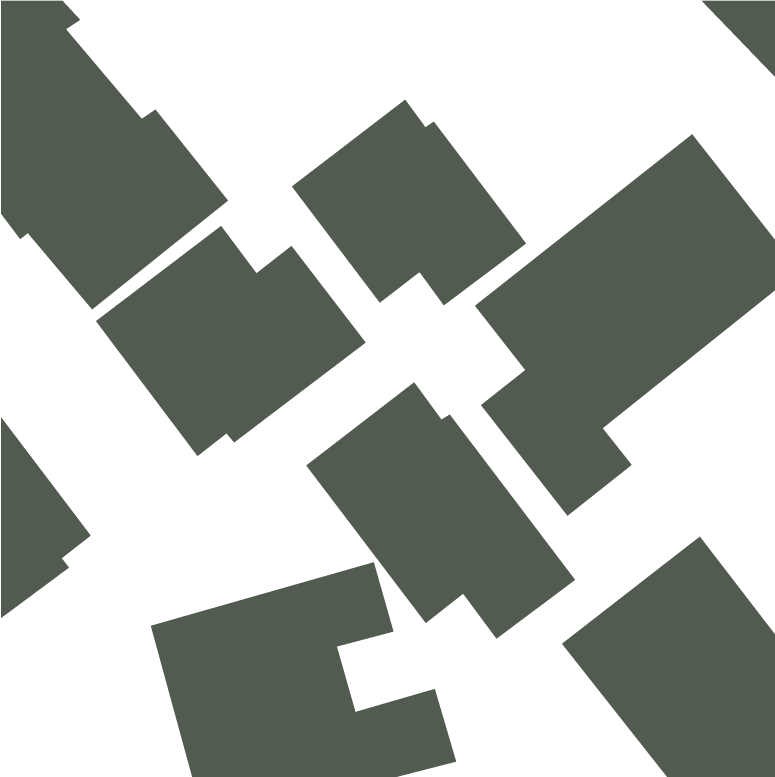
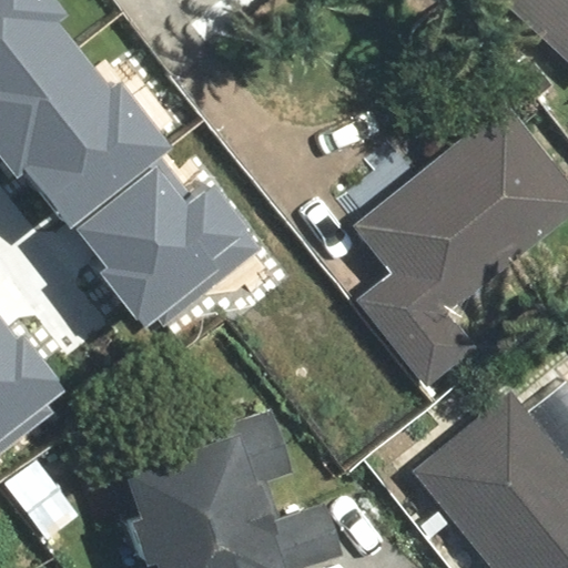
building: [291,99,527,307] -> none
building: [305,381,576,640] -> none

